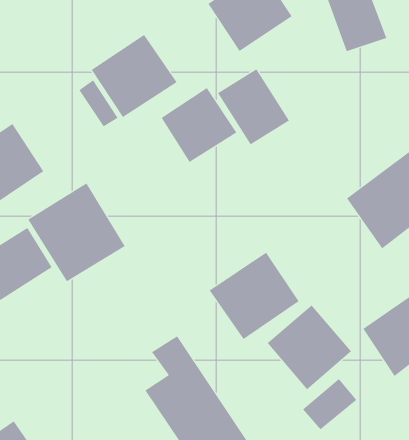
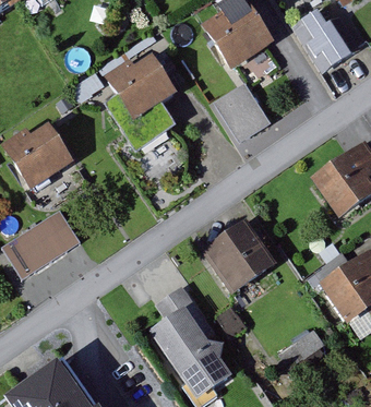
building: [161,87,237,163] -> none
building: [28,182,125,282] -> none
building: [267,304,352,390] -> none

